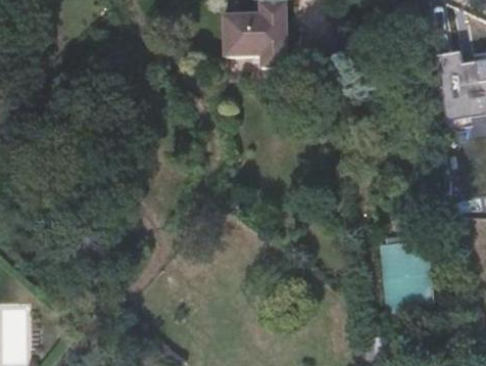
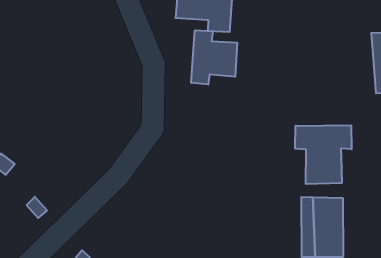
building: none -> [191,30,237,85]
building: none -> [295,125,352,184]

